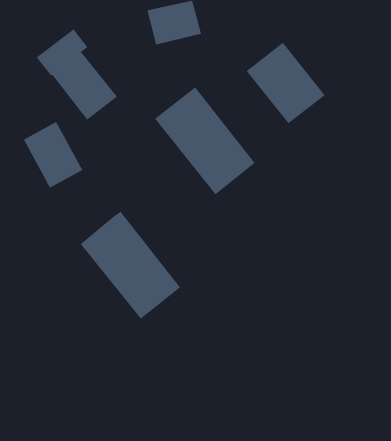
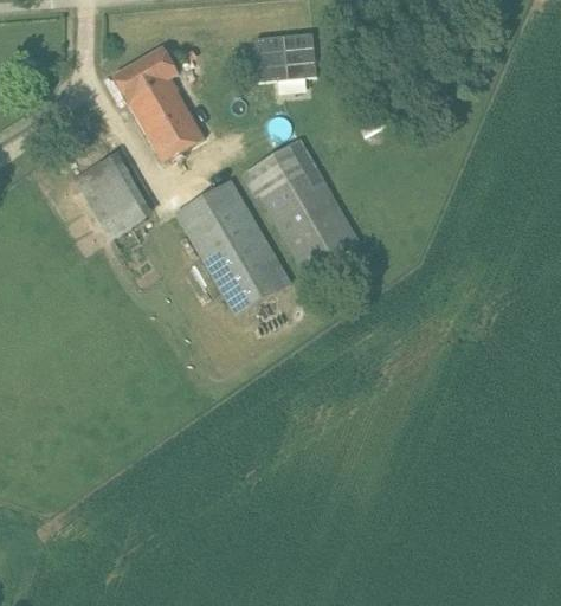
building: [246,42,325,124] -> none
building: [80,211,181,320] -> [174,179,289,314]

